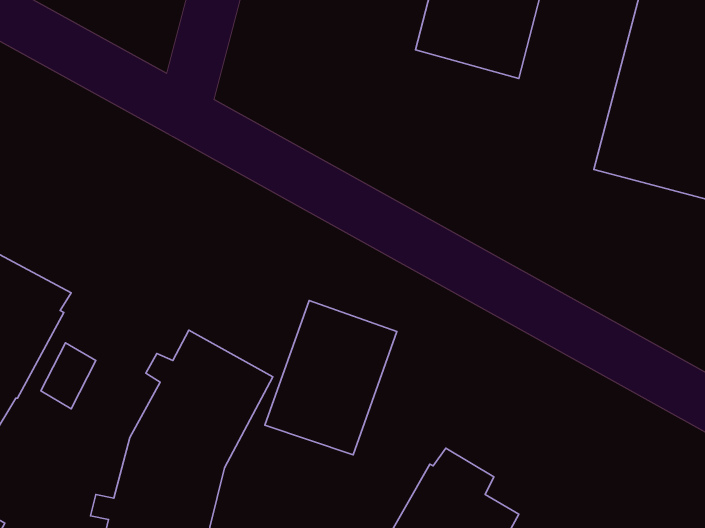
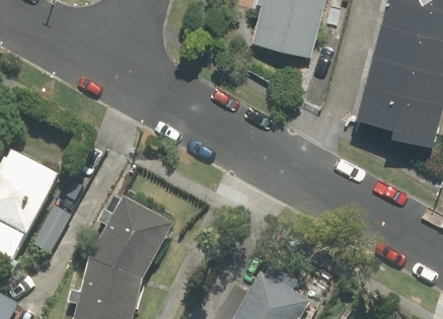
building: [265,301,397,455] -> none

